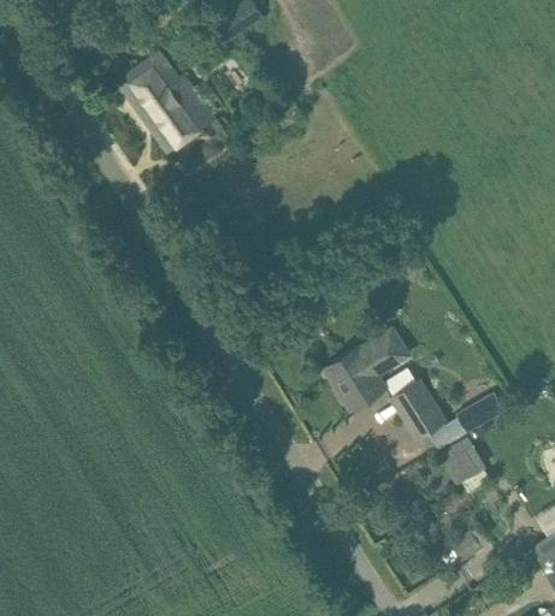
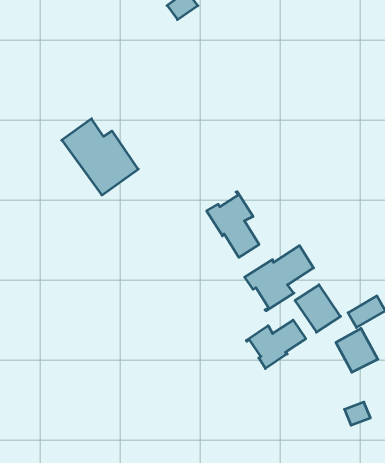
building: [114,55,213,154] -> [62,119,138,195]
building: none -> [207,192,259,257]
building: none -> [246,320,306,369]

